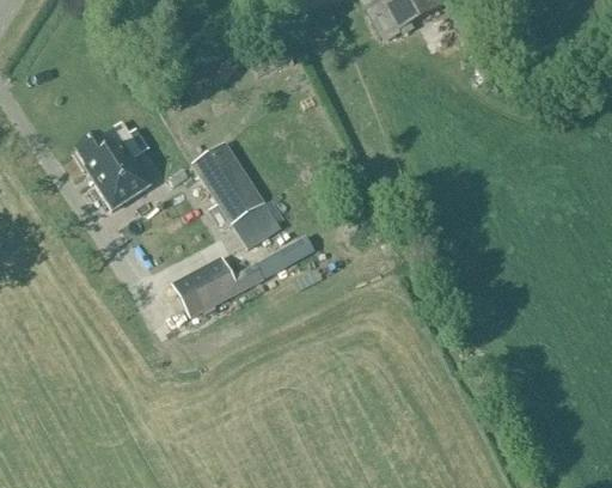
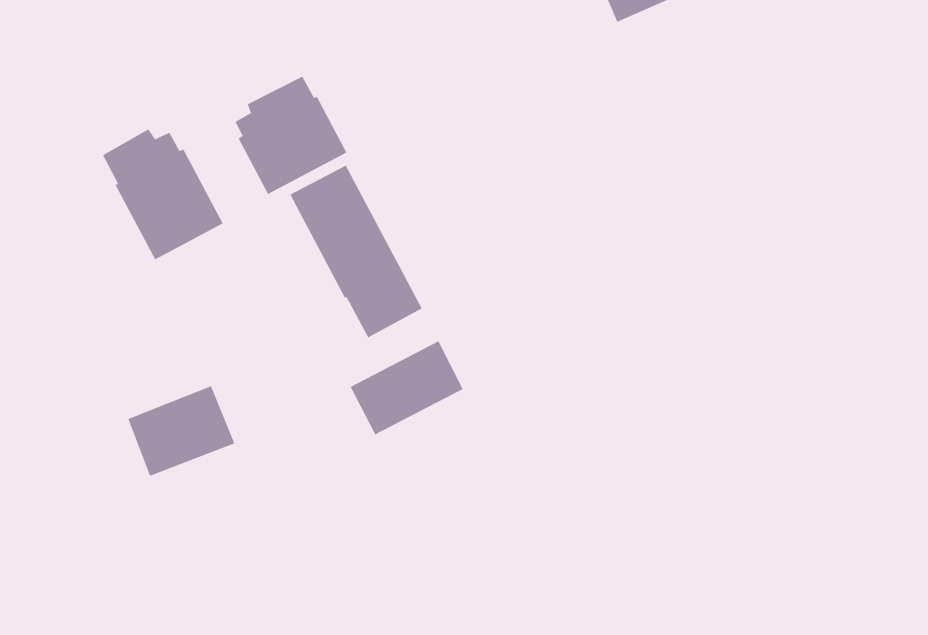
building: none -> [235,76,347,195]
building: [171,256,239,316] -> [127,386,235,477]

